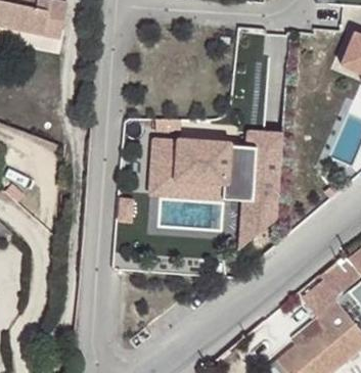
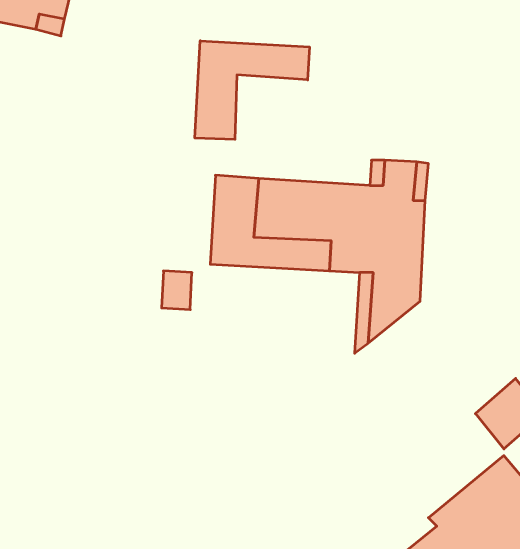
building: none -> [195,41,309,139]

